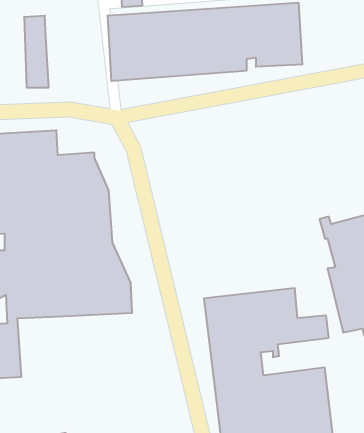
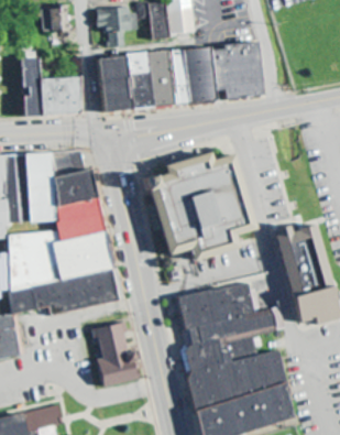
building: none -> [44,76,87,116]
building: none -> [145,152,249,261]
building: none -> [95,323,143,387]

